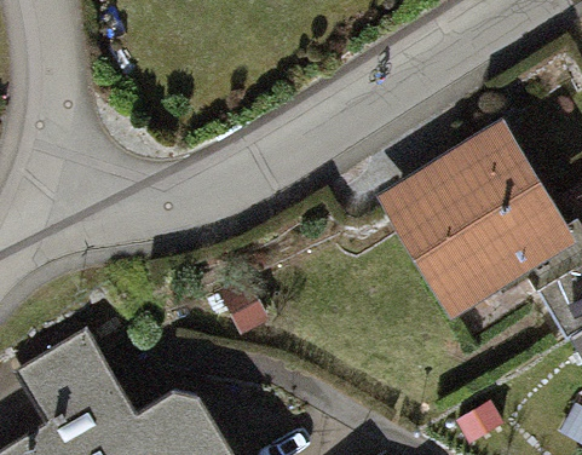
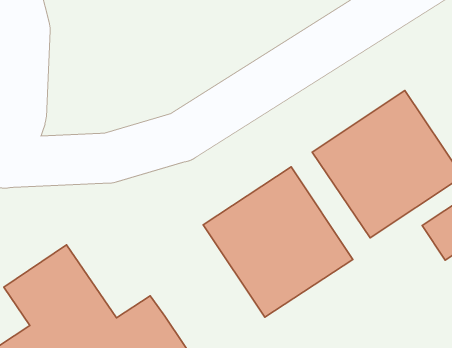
building: none -> [203,167,353,317]

